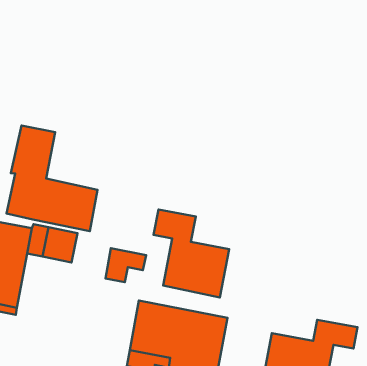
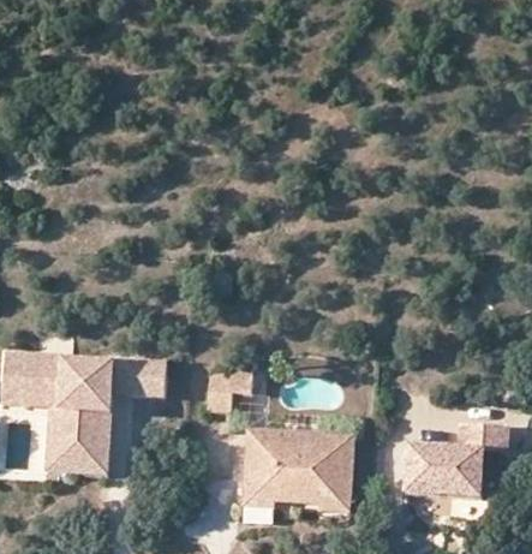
building: [7,125,98,231] -> none
building: [153,209,229,298] -> none

